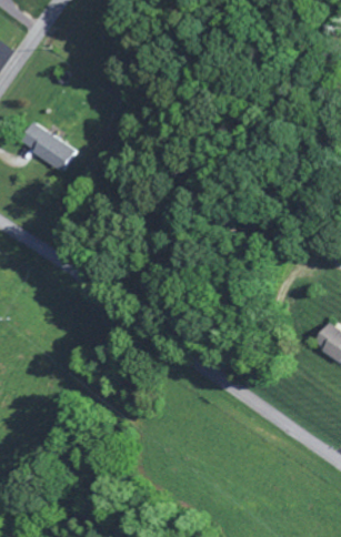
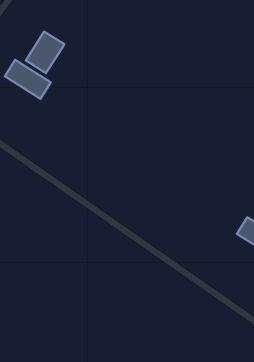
building: none -> [26,31,64,73]

